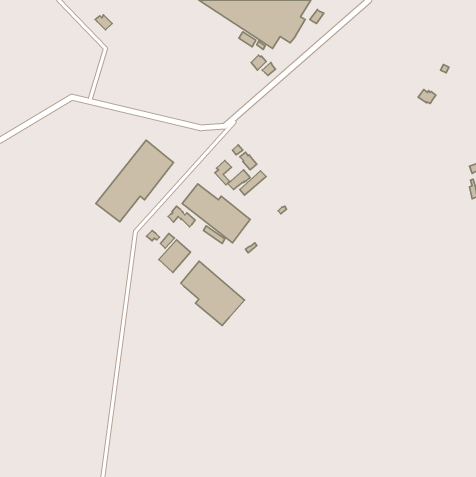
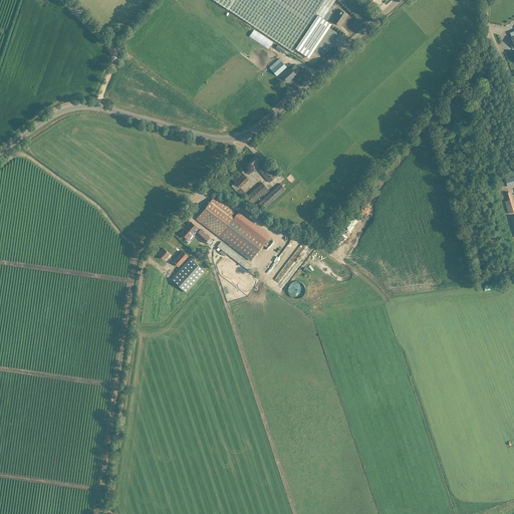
building: [96,140,173,222] -> none
building: [181,261,244,325] -> none

